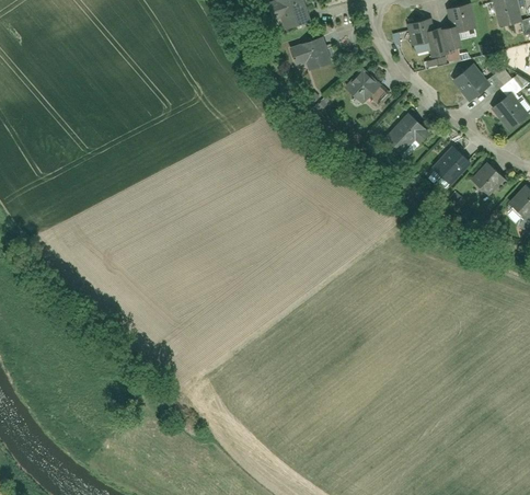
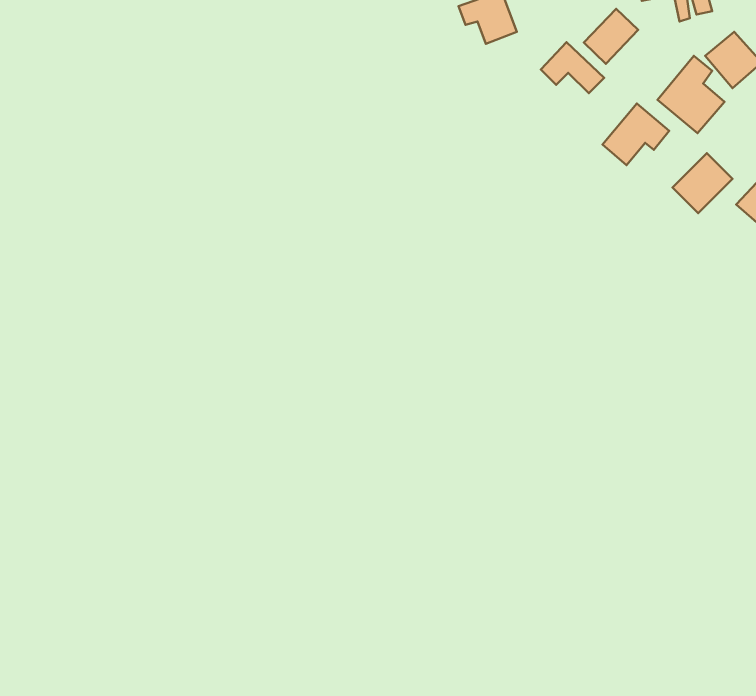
building: none -> [584,9,638,64]
building: none -> [658,56,725,133]

